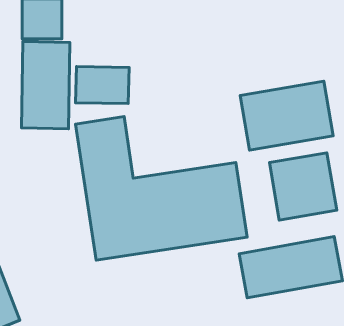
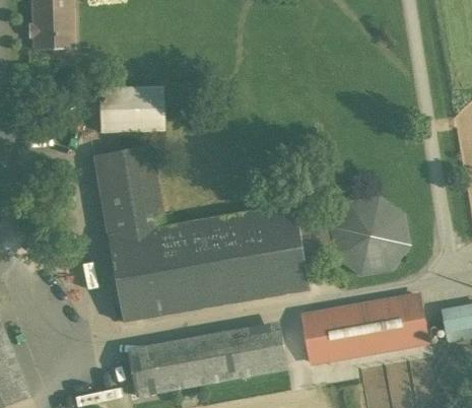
building: [21,41,70,129] -> none
building: [240,81,333,150] -> none
building: none -> [129,321,285,394]

